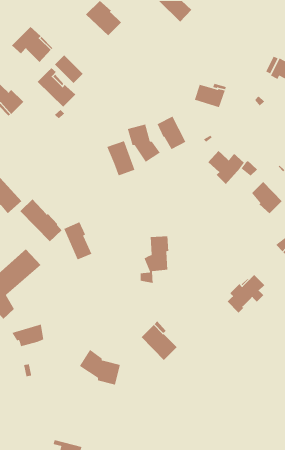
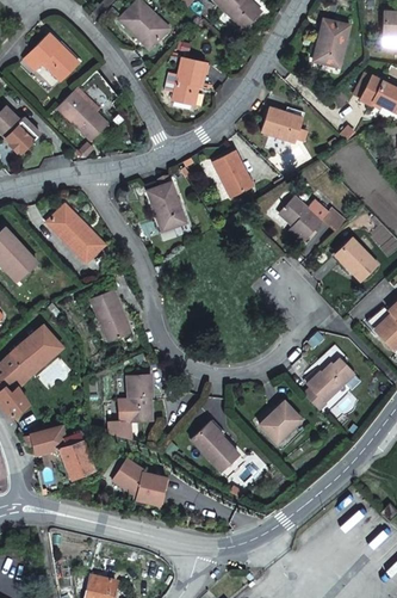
building: none -> [317,20,348,67]
building: none -> [172,57,206,105]
building: [127,124,161,163] -> none
building: [20,198,63,242] -> [46,205,103,263]
building: [140,235,169,284] -> [113,375,151,438]
building: none -> [260,402,302,443]
building: none -> [57,432,91,477]

